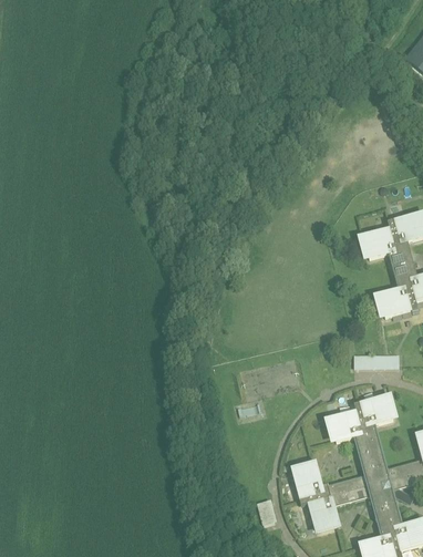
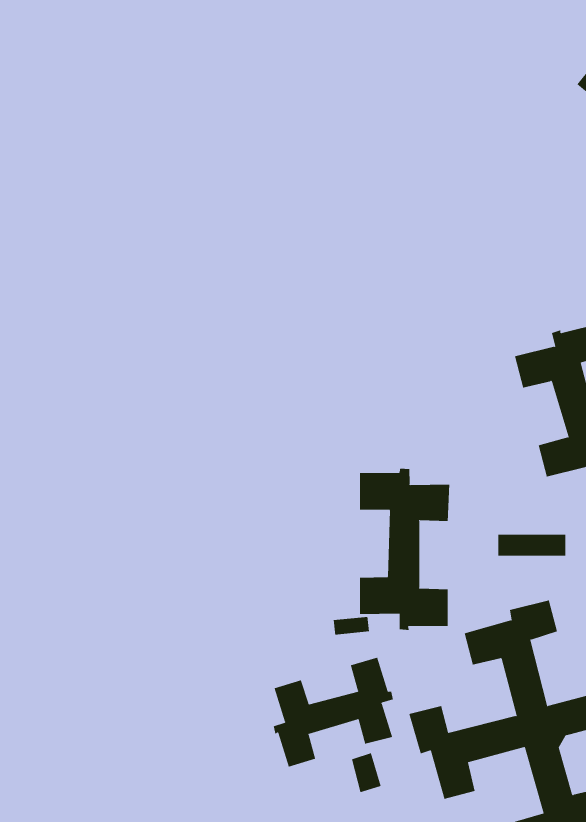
building: none -> [359,468,450,631]
building: none -> [273,657,394,767]

